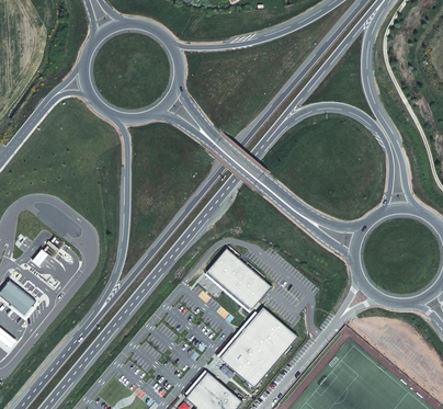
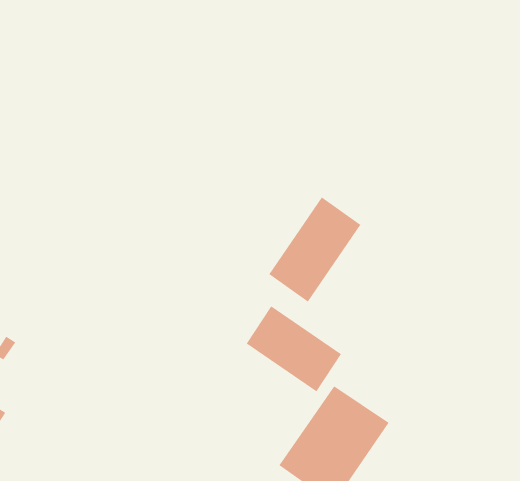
building: none -> [269,196,361,303]

